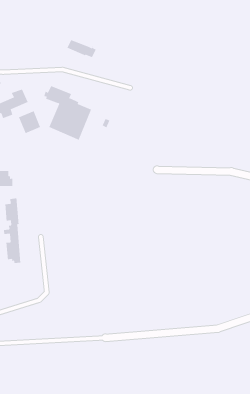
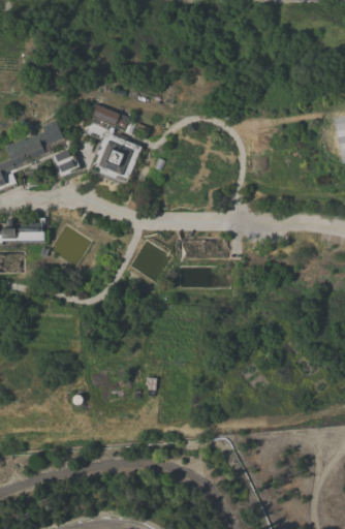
building: [67,39,97,58] -> [91,104,128,127]
building: [3,198,21,264] -> none

